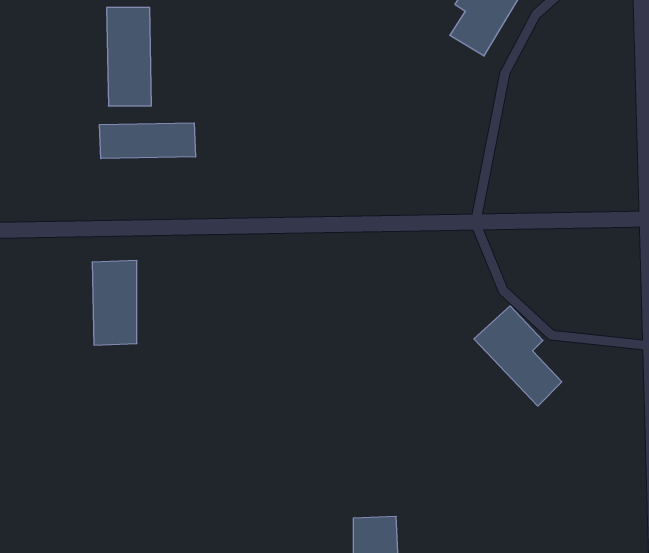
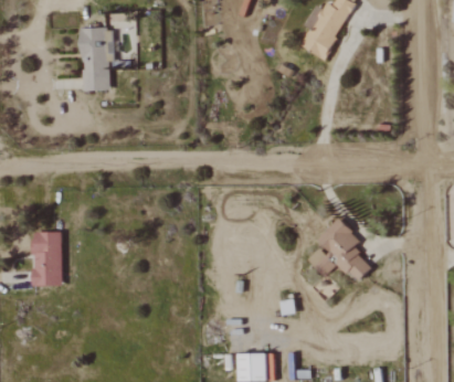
building: [100,123,196,159] -> none
building: [92,261,137,345] -> [32,231,61,285]

